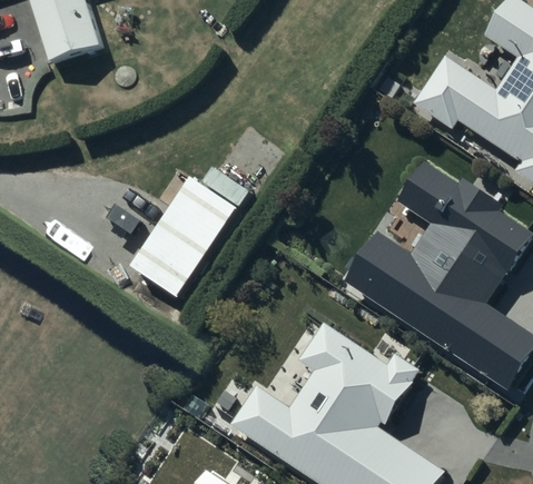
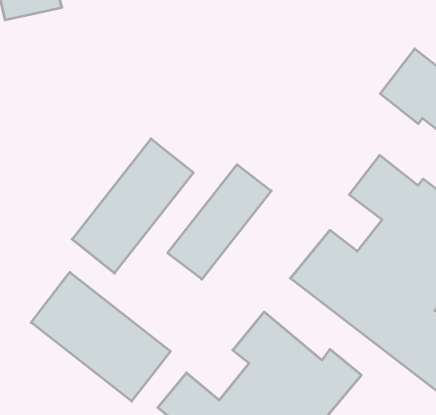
building: none -> [168,165,271,279]
building: none -> [31,272,170,401]

